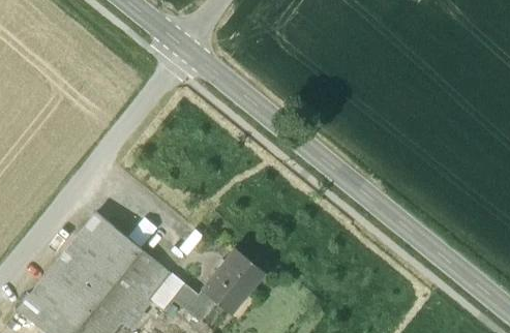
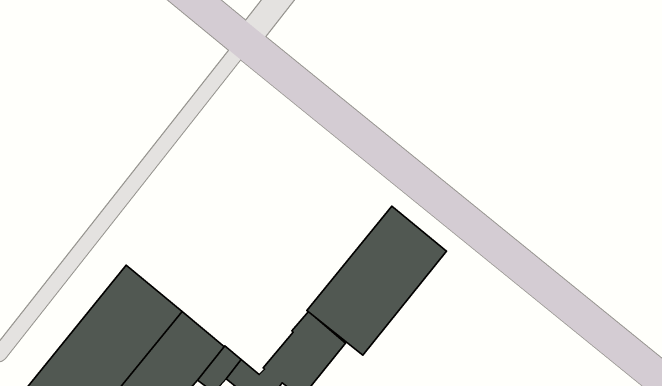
building: none -> [307,206,447,355]

